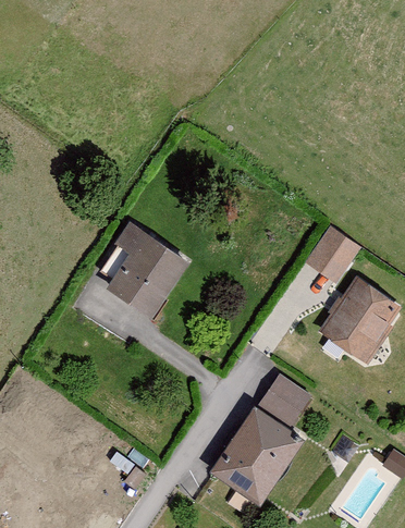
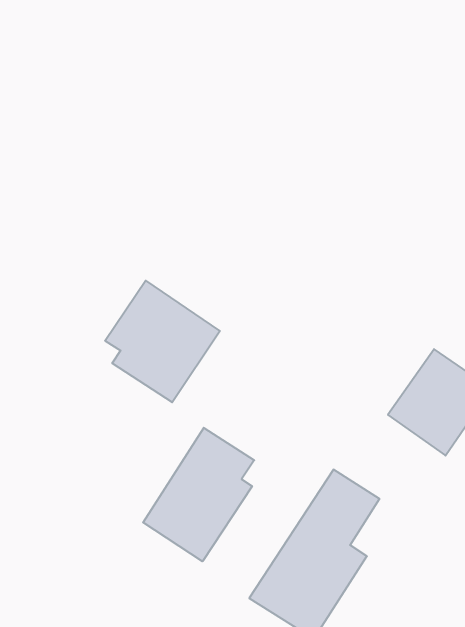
building: [305,221,364,283] -> none
building: none -> [143,428,254,561]

